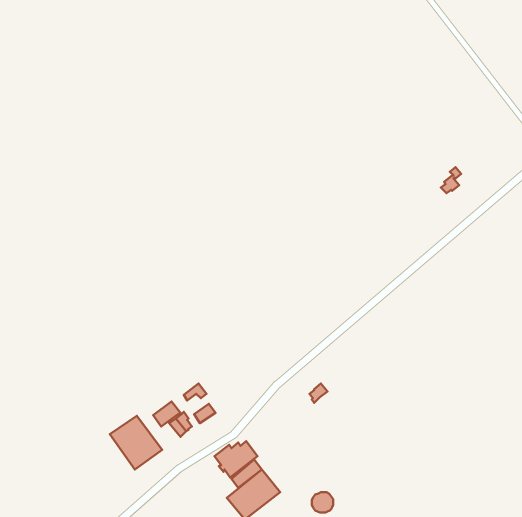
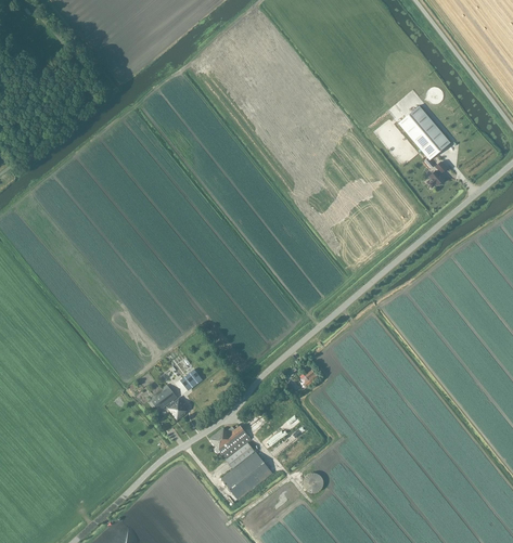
building: none -> [398,105,450,159]
building: [110,416,162,469] -> none

